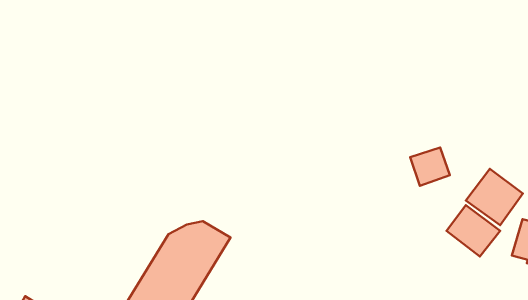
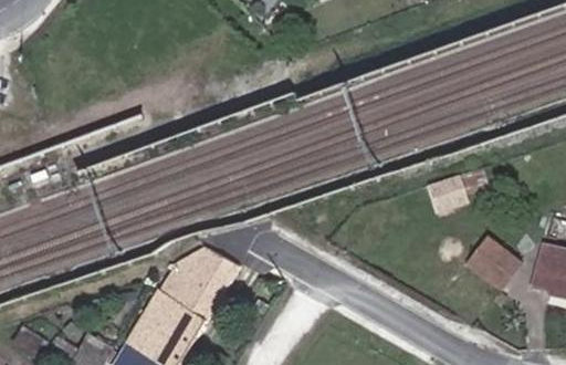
building: [466,169,523,225] -> none

